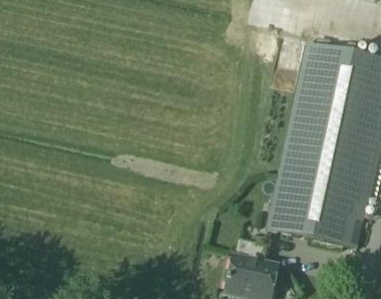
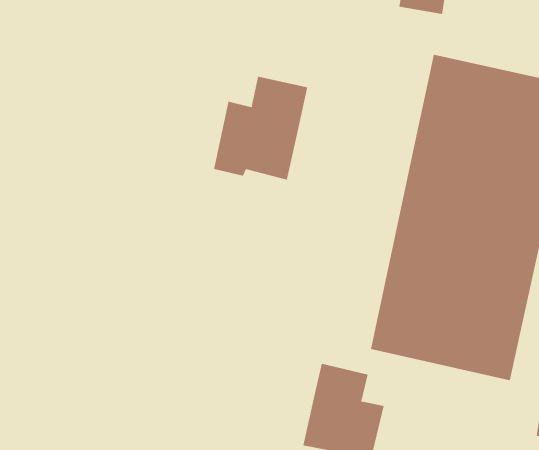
building: none -> [213,76,308,180]

